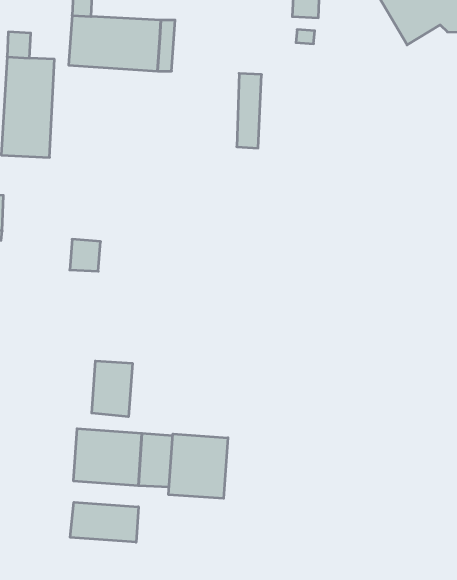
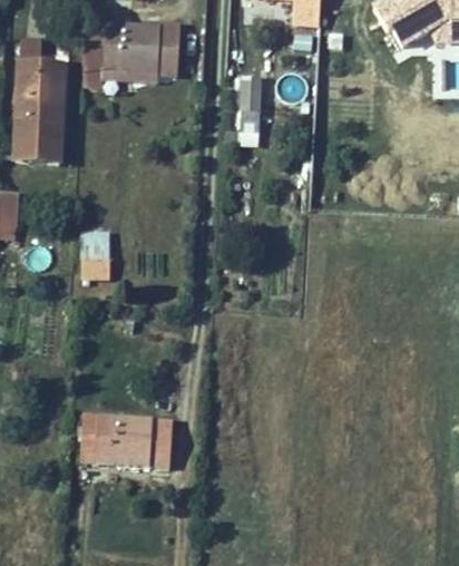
building: [92,361,132,417] -> none
building: [169,434,228,498] -> none
building: [70,502,138,542] -> none

